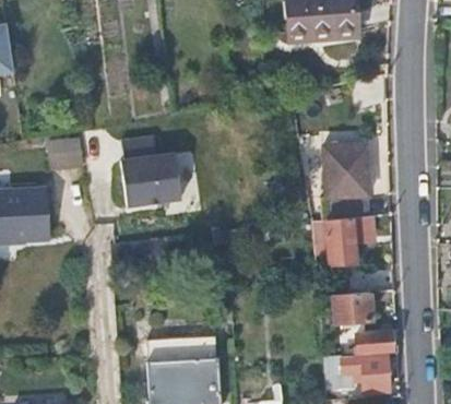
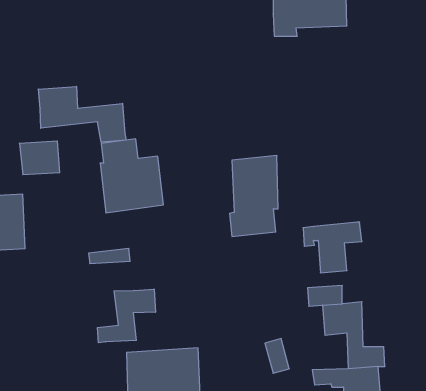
building: none -> [38,86,126,142]
building: [322,143,368,219] -> [230,156,278,236]
building: none -> [97,289,155,343]

